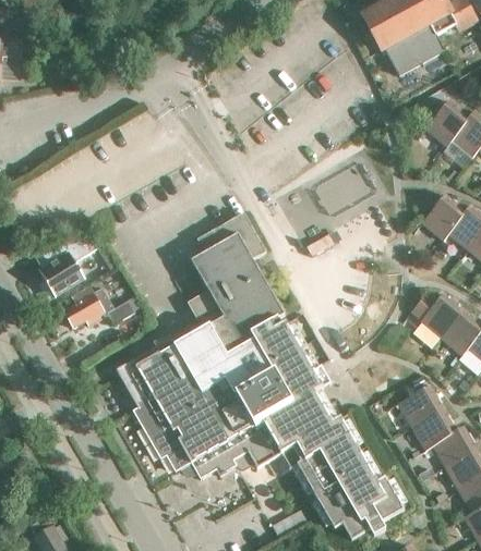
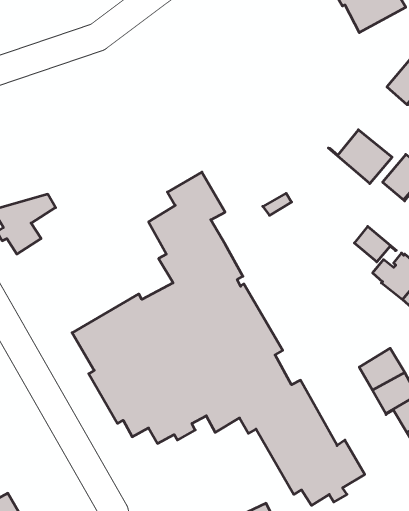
building: none -> [328,130,392,184]
building: none -> [354,226,396,262]
building: [64,287,134,329] -> none

